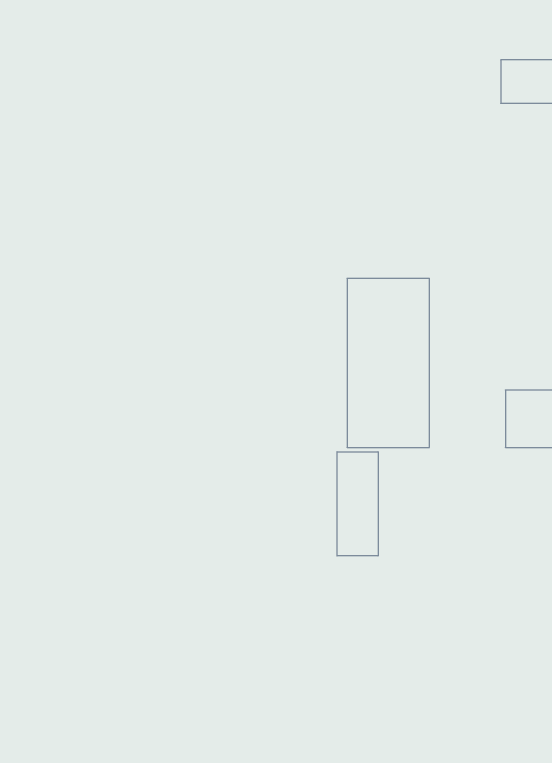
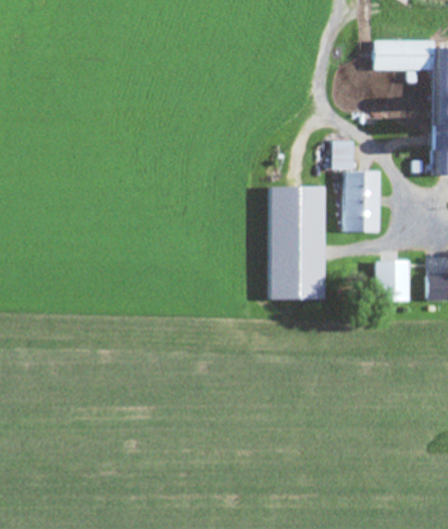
building: none -> [332,139,380,231]
building: [337,452,378,556] -> none

